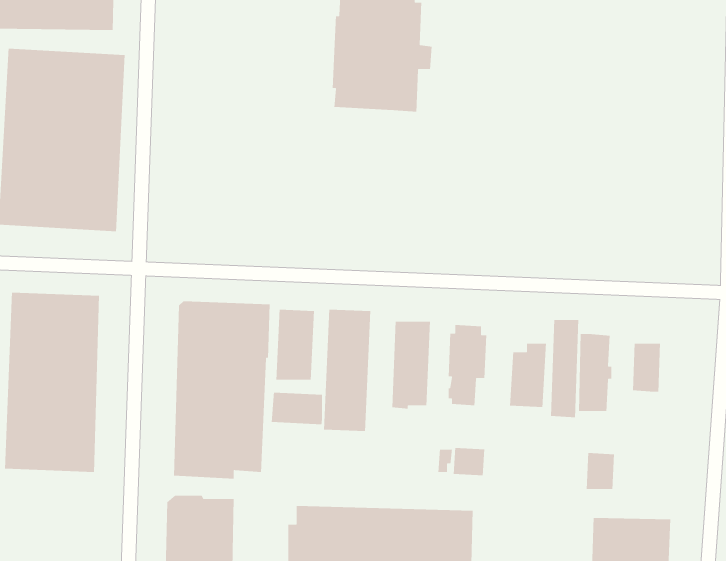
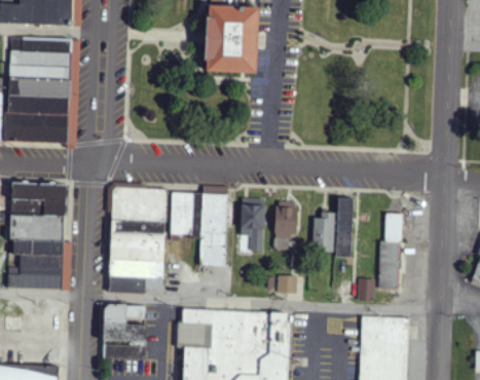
building: [578,333,612,412] -> [379,241,400,289]
building: [271,392,323,425] -> none

